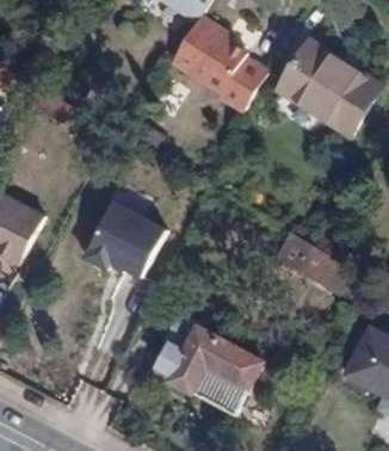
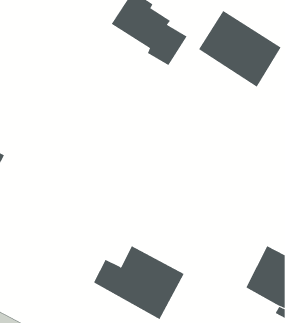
building: [78,197,171,282] -> none
building: [277,231,363,299] -> none

